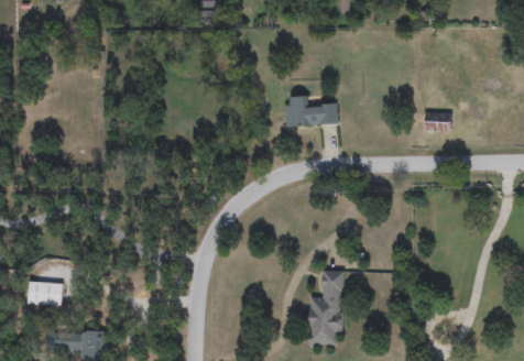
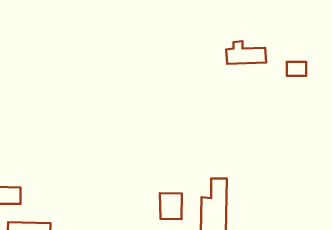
building: [284,96,338,127] -> [226,41,266,64]
building: none -> [160,193,182,219]

